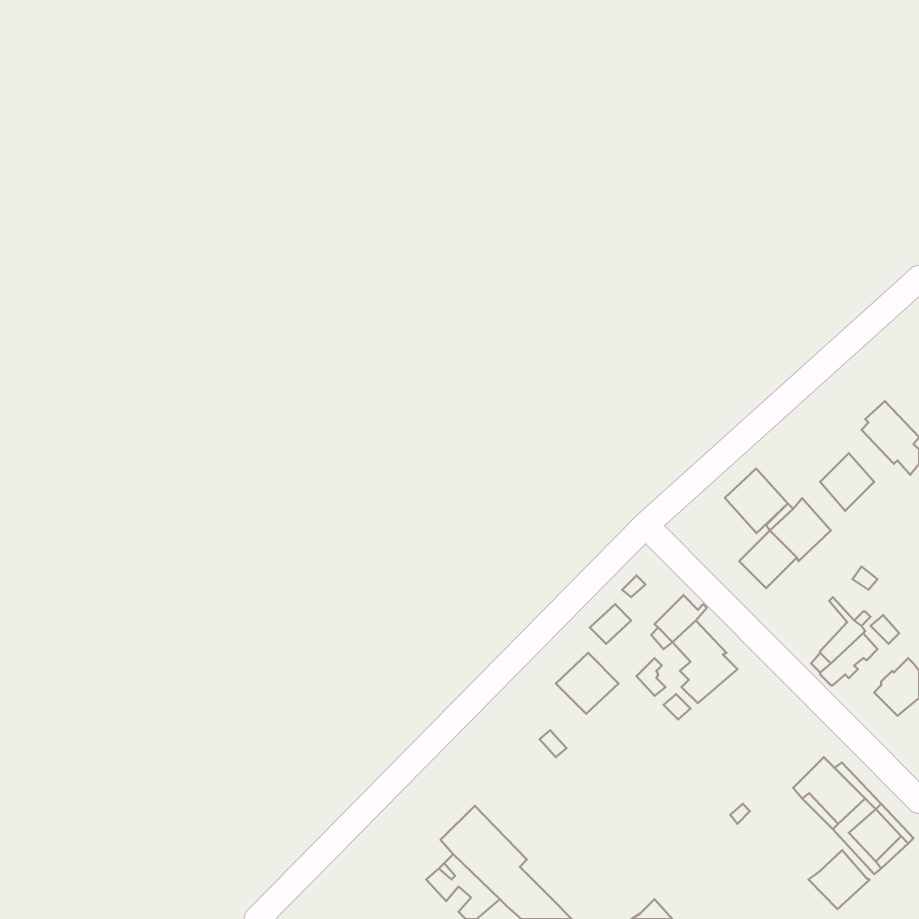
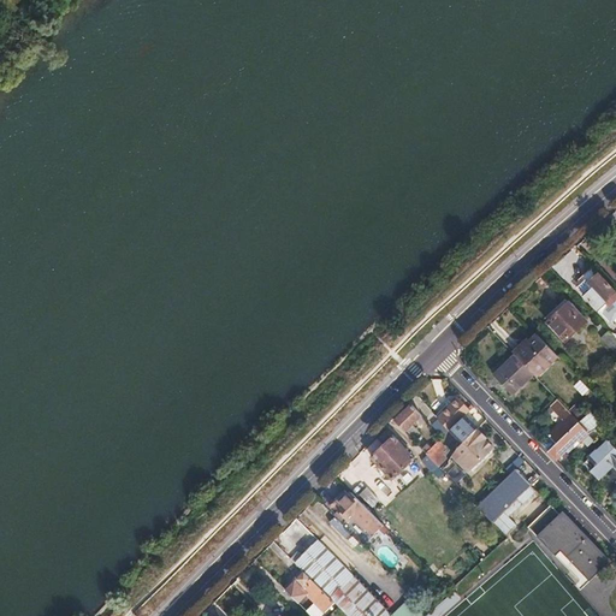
building: [725,468,788,533] -> none
building: none -> [478,469,532,522]
building: none -> [328,491,383,534]
building: [809,850,869,909] -> none

